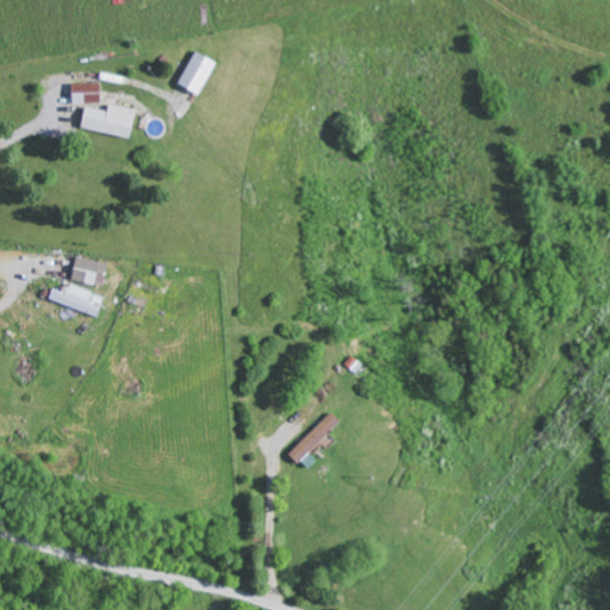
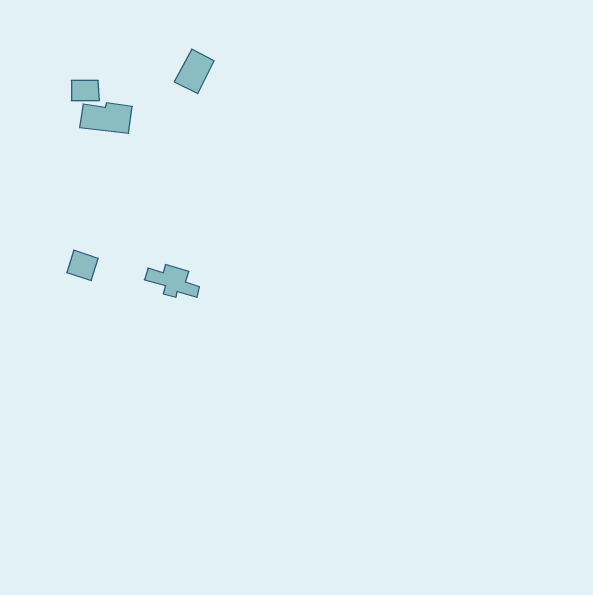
building: [44,284,100,317] -> [144,265,199,297]
building: [290,410,342,468] -> none

